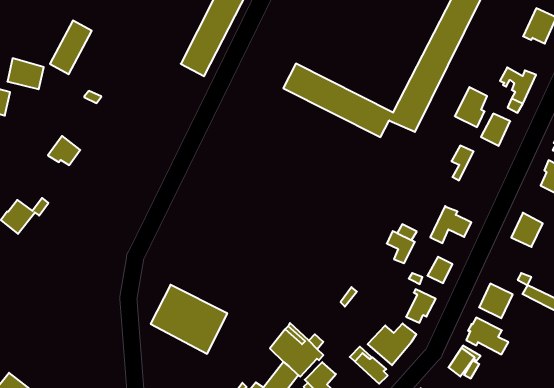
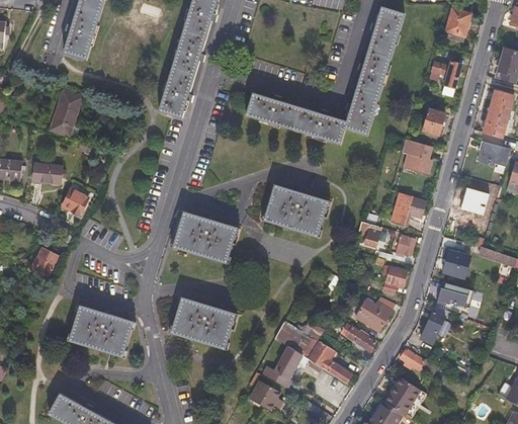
building: [7,58,44,89] -> [33,159,62,181]
building: [455,87,487,127] -> [409,143,433,175]
building: none -> [263,186,326,237]
building: none -> [173,211,236,262]
building: none -> [69,304,133,355]

